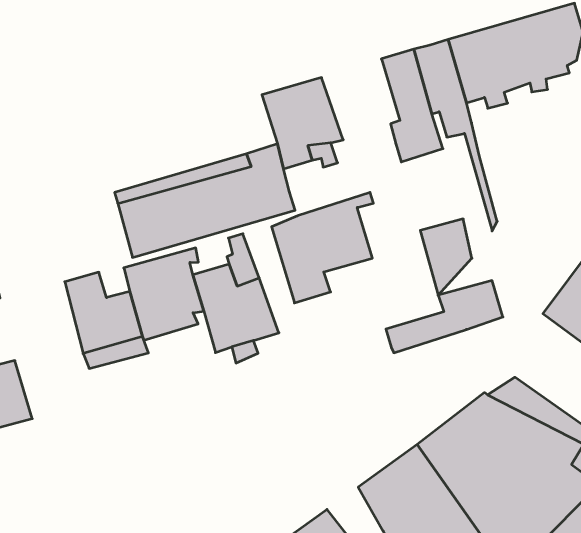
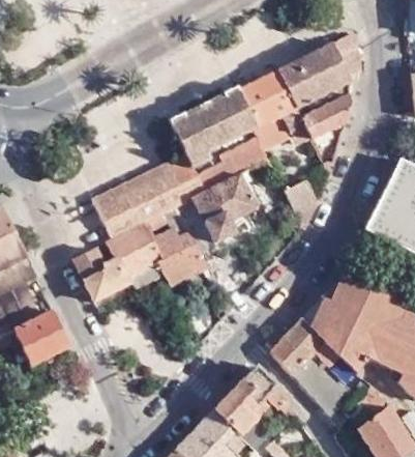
building: none -> [207,88,259,141]
building: none -> [302,93,352,137]
building: [386,281,503,353] -> [200,138,269,192]

